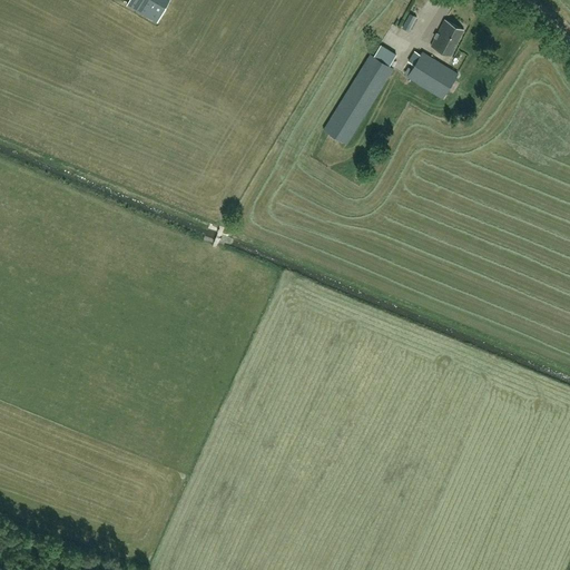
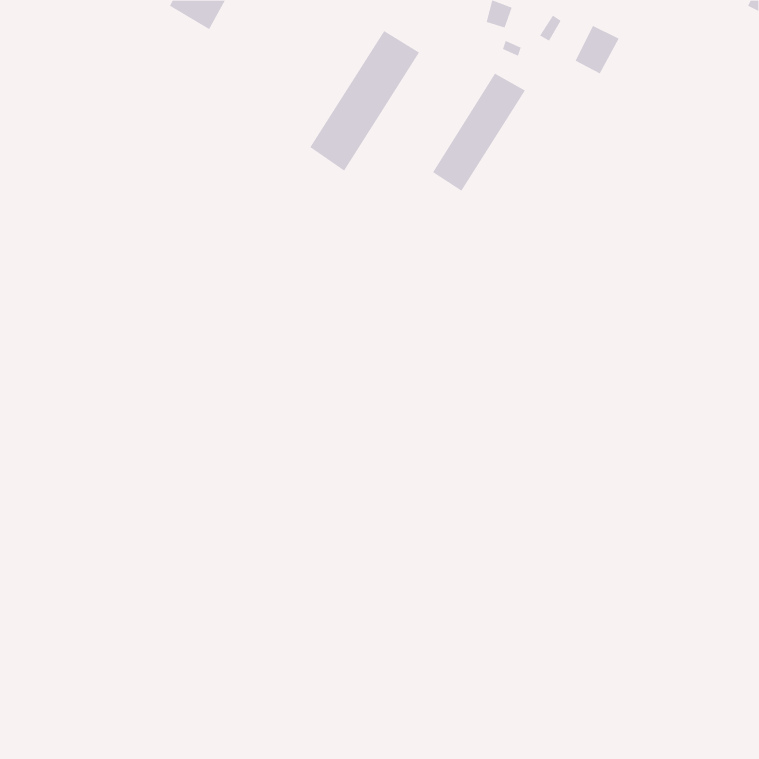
building: none -> [309,30,420,172]
building: [407,51,458,99] -> none

